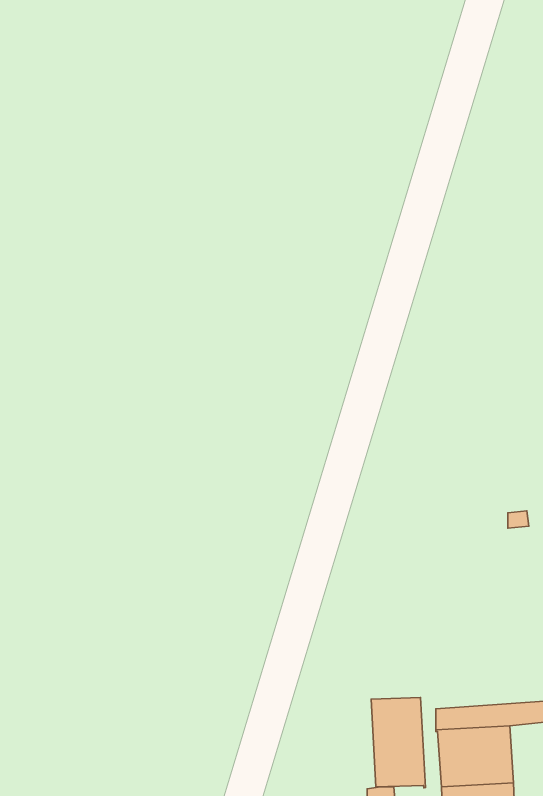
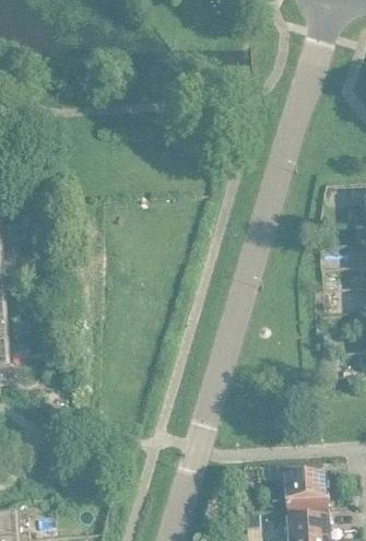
building: [371,698,425,788] -> none

